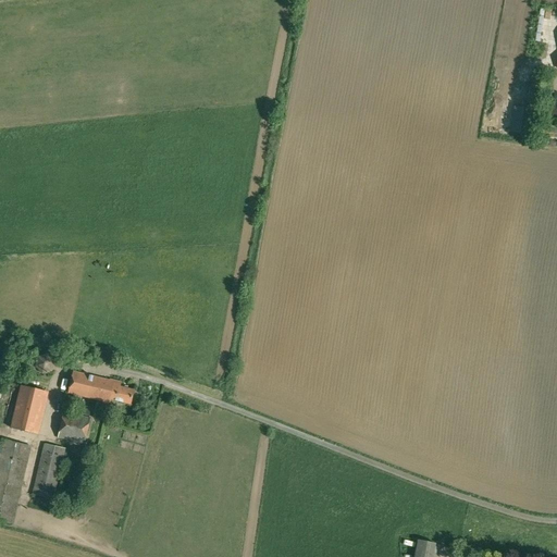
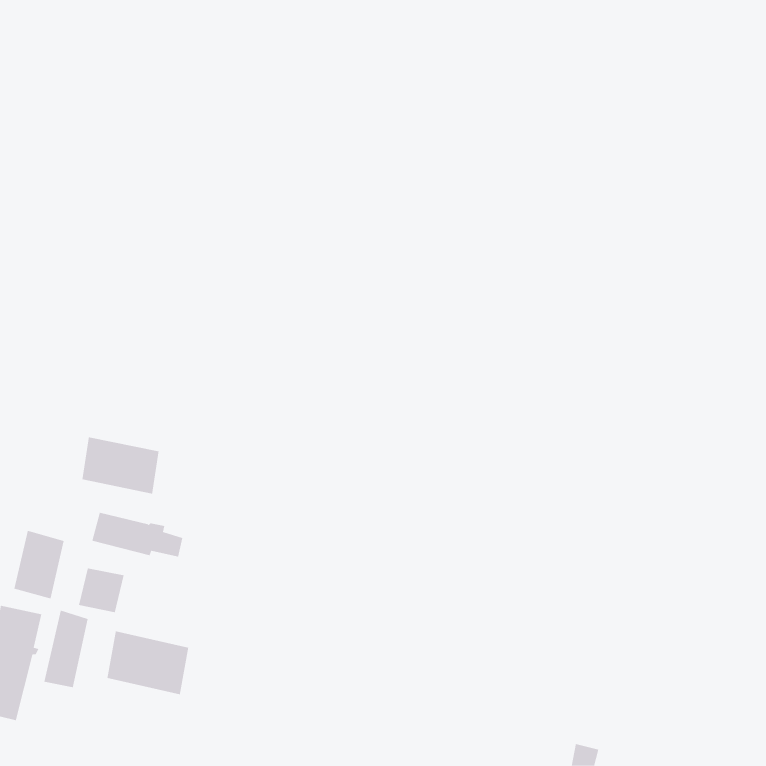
building: none -> [82,436,159,494]
building: none -> [107,630,189,695]

